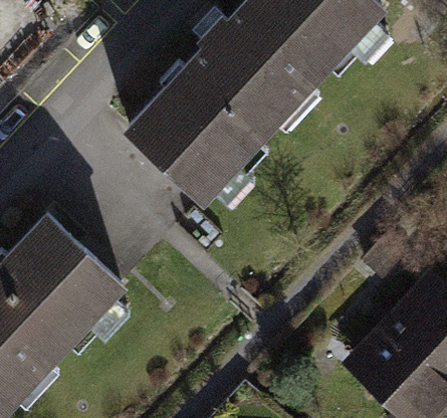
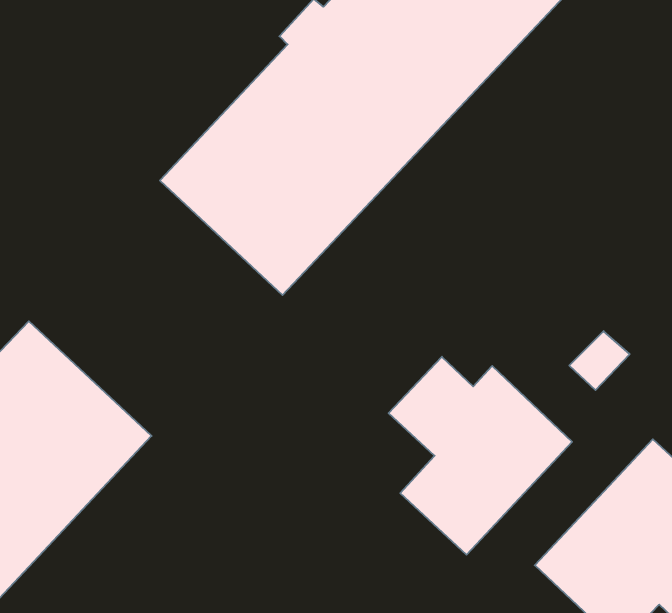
building: none -> [389,357,572,555]

